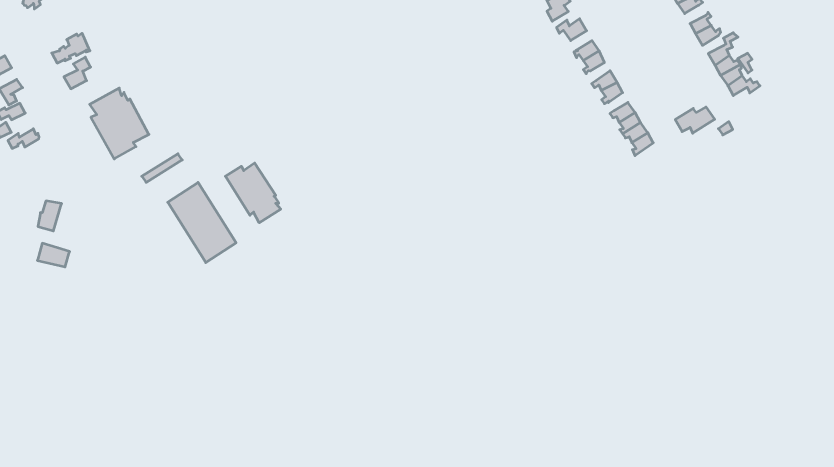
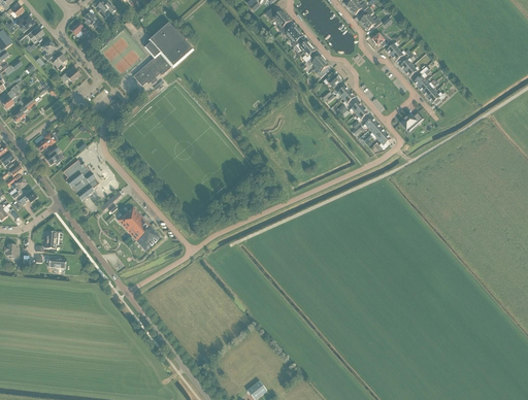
building: [225,163,281,223] -> none

